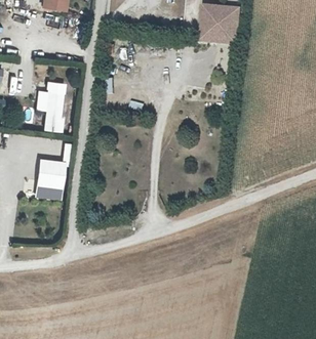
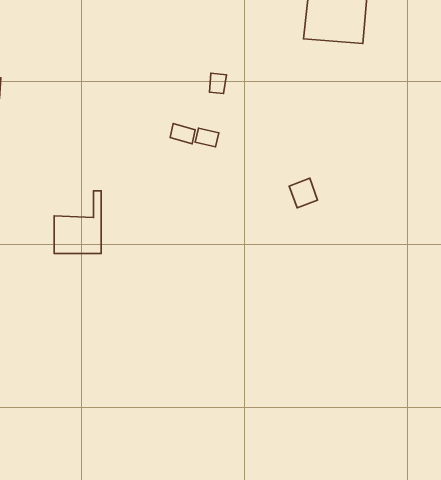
building: [42,90,66,131] -> none
building: [34,182,63,198] -> none

